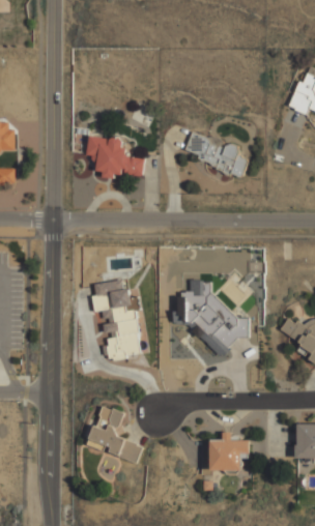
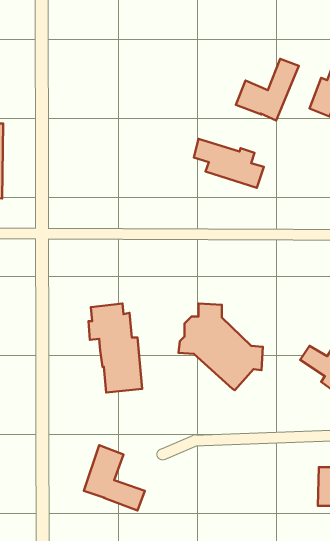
building: none -> [236,59,299,121]
building: [86,136,144,176] -> none
building: [210,432,249,470] -> none

